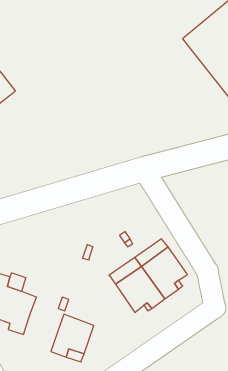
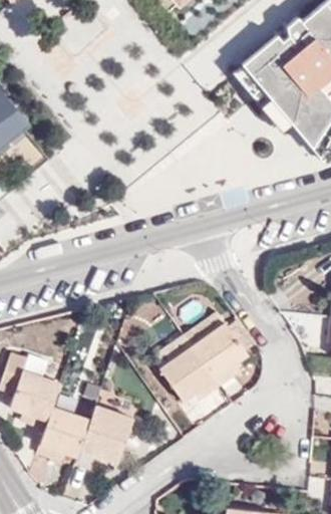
building: none -> [37,406,90,461]

